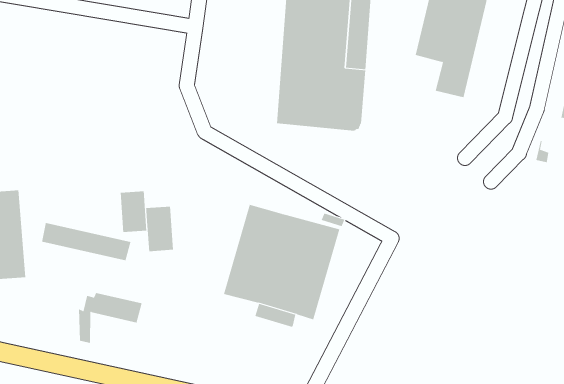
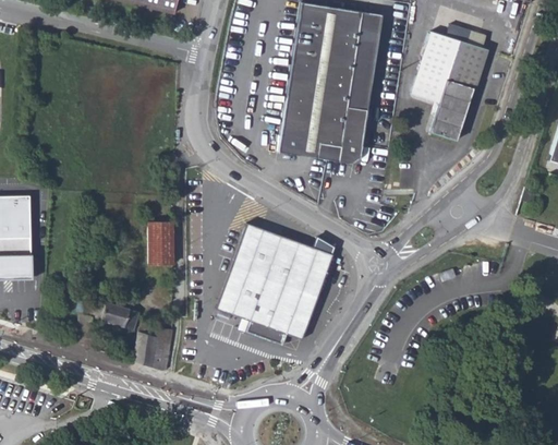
building: [120,191,147,233] -> none
building: [42,222,131,261] -> none
building: none -> [134,322,173,371]

